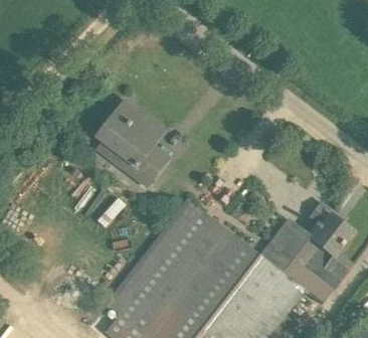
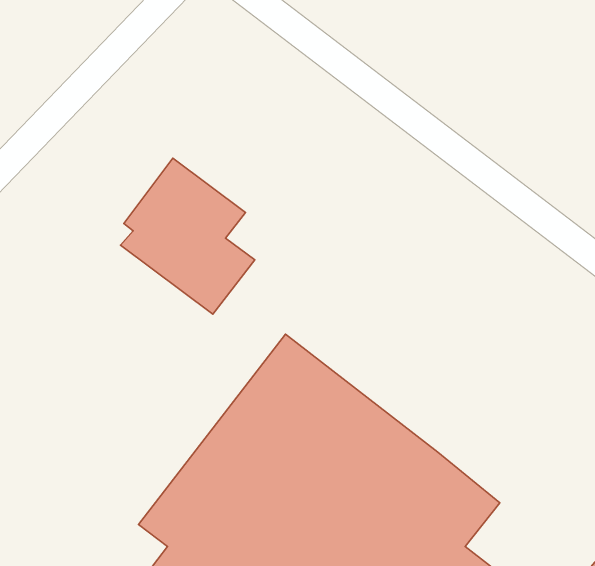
building: [270,211,353,301] -> none

